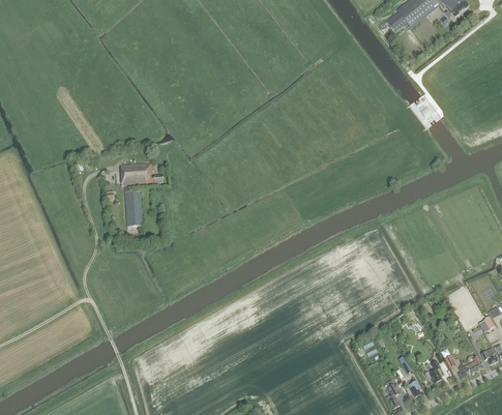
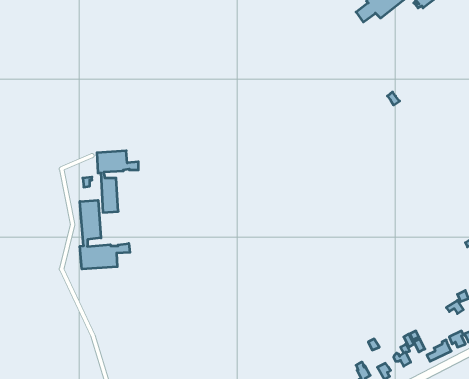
building: none -> [80,200,130,269]

